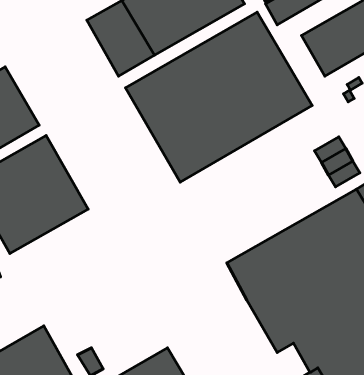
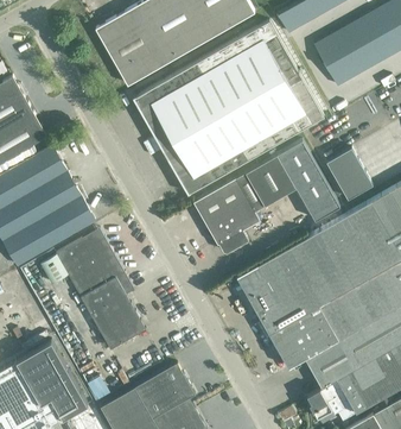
building: none -> [193,140,339,254]
building: none -> [56,229,146,351]

